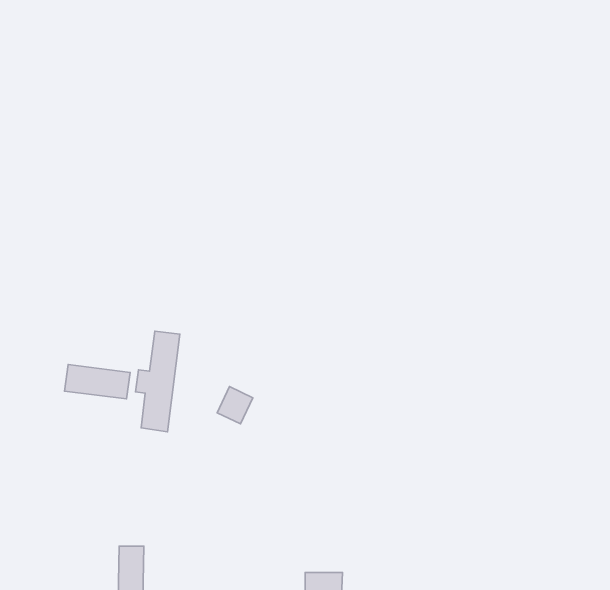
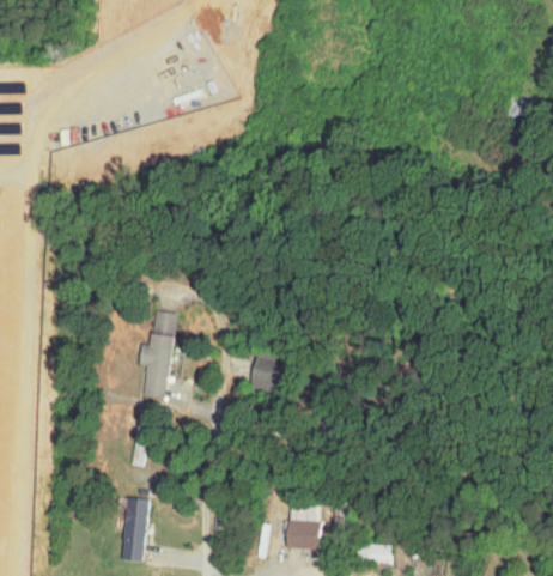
building: [64,365,130,399] -> none
building: [217,387,253,424] -> [250,357,281,389]

